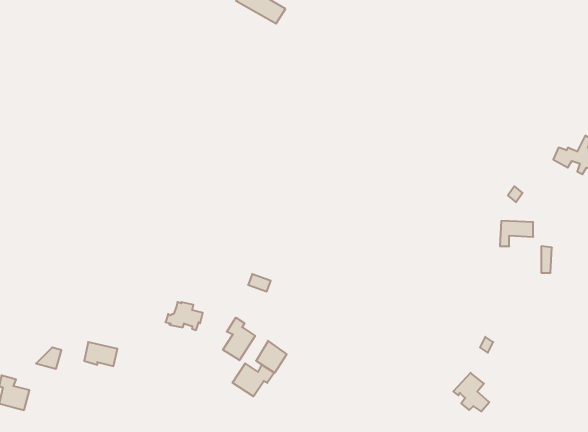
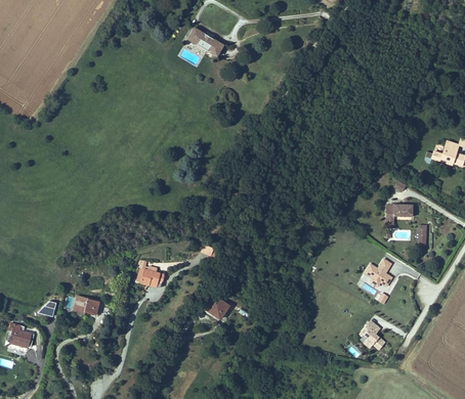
building: none -> [363,259,392,287]
building: [223,318,255,360] -> none
building: [233,363,274,396] -> none

